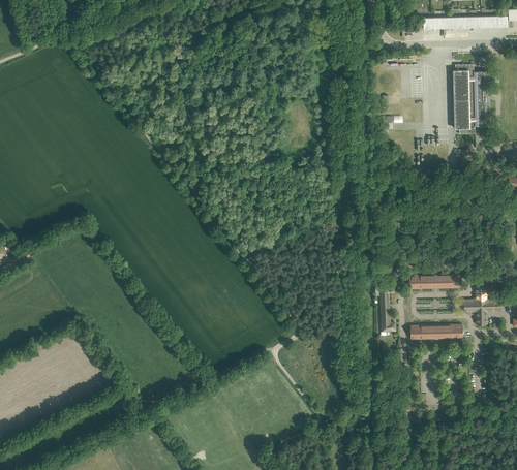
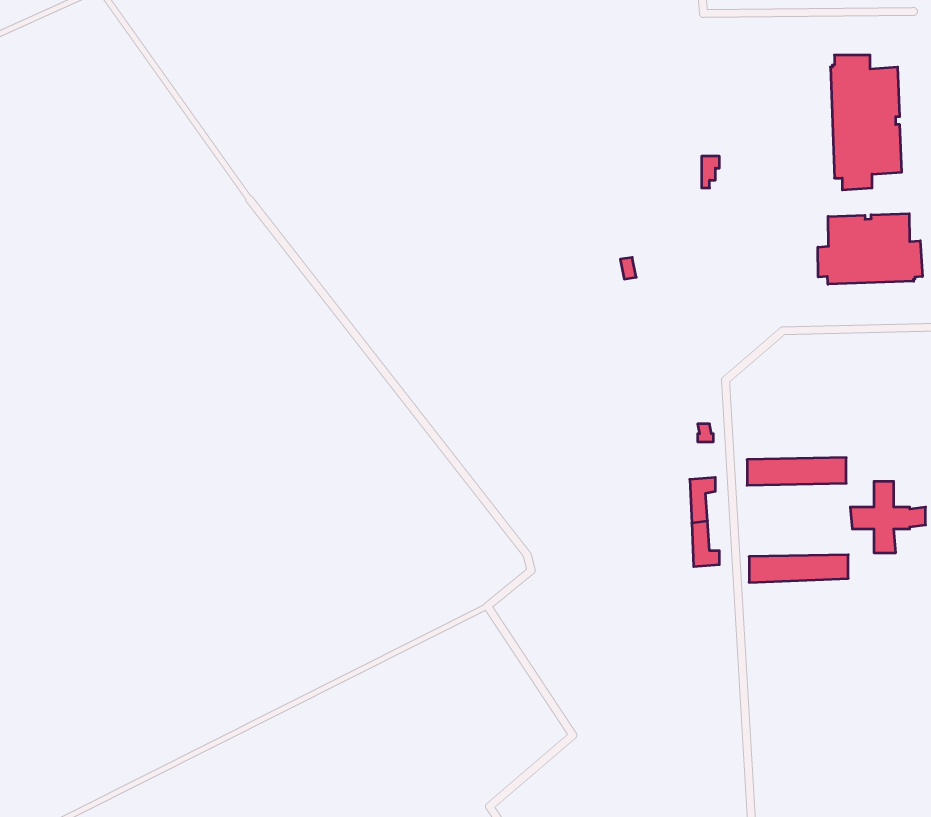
building: none -> [818,214,922,284]

